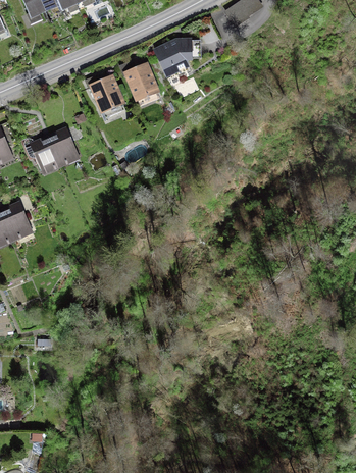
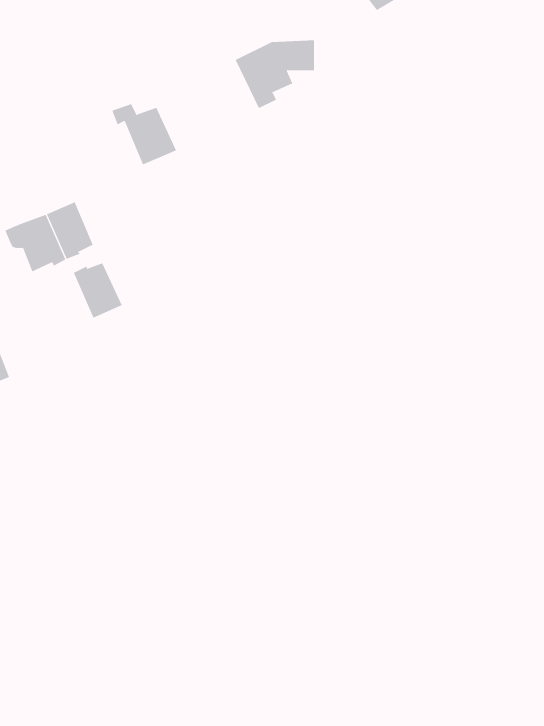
building: [119,62,157,98] -> none
building: none -> [73,262,122,318]

